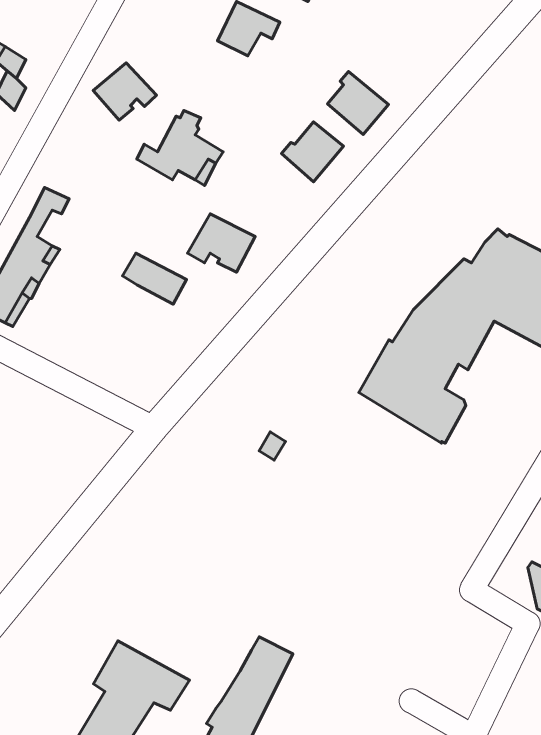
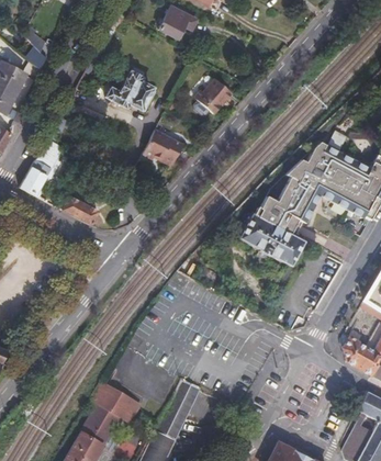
building: [93,63,157,120] -> none
building: [327,72,389,135] -> none
building: [123,253,186,304] -> [61,195,99,225]

